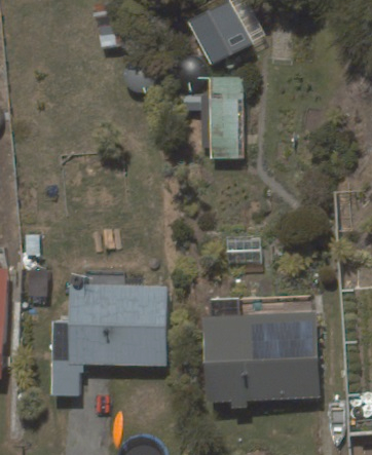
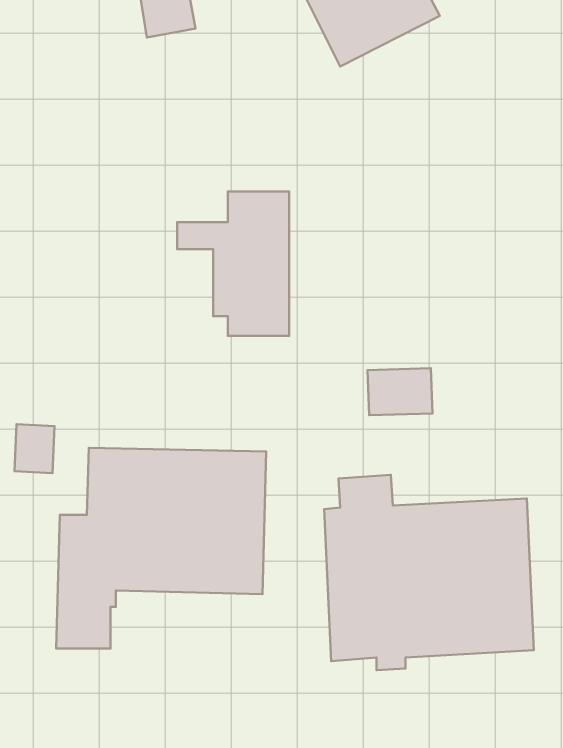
building: [180,77,244,159] -> [177,191,289,336]

